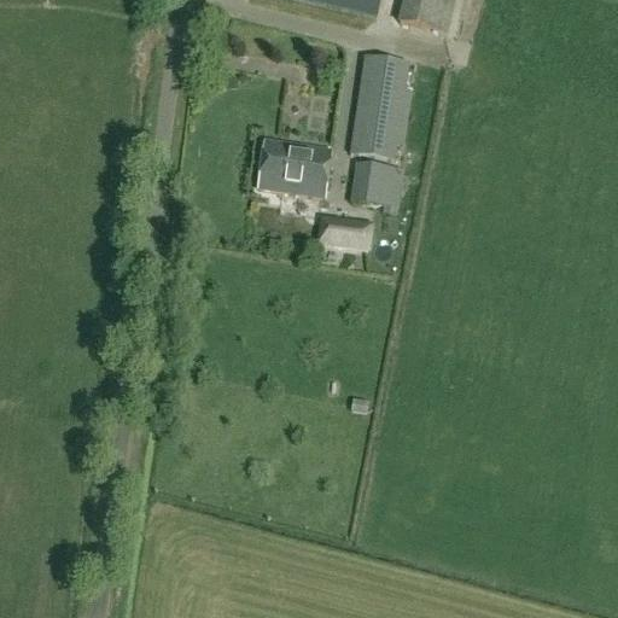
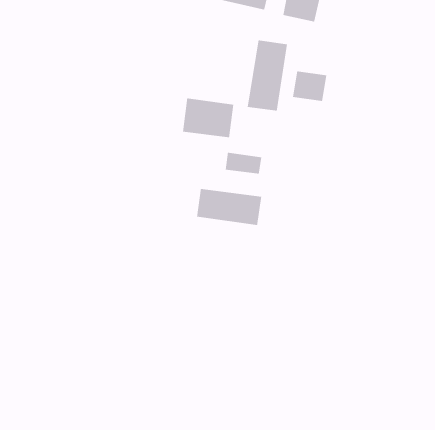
building: [351,163,401,206] -> [292,71,327,101]
building: none -> [197,188,262,226]

